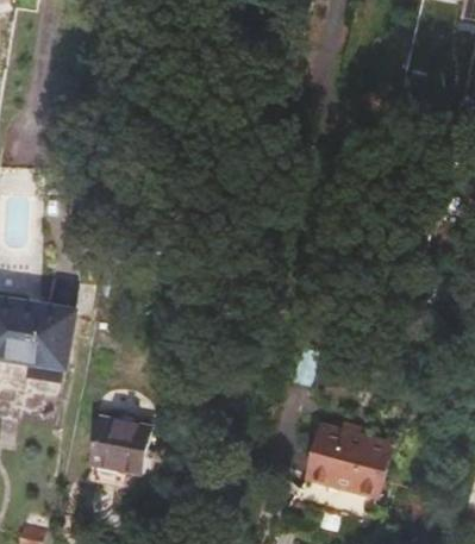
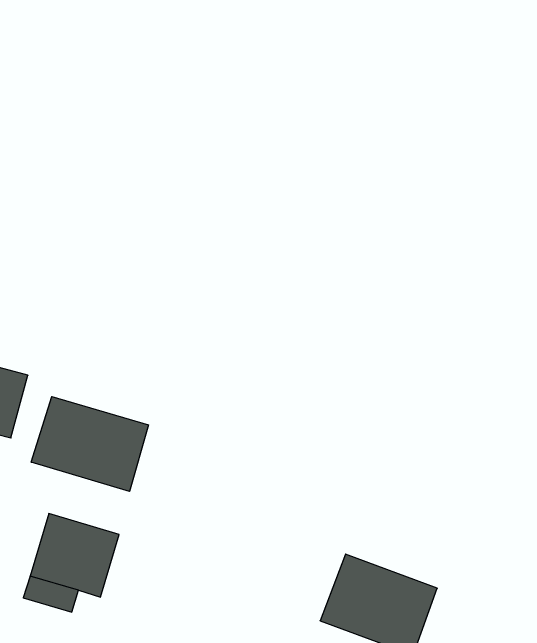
building: none -> [31,397,148,491]

